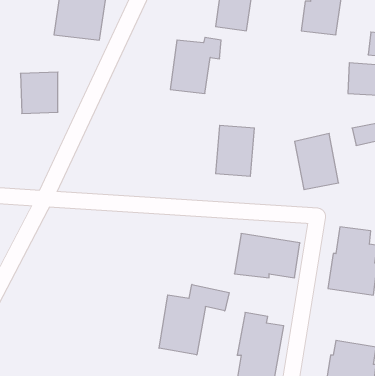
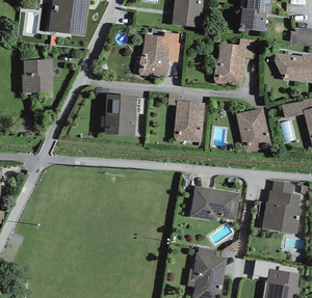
building: none -> [215,38,253,82]
building: none -> [104,94,136,134]
building: [159,284,229,355] -> none

